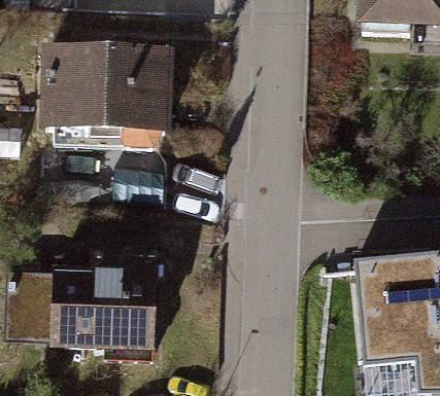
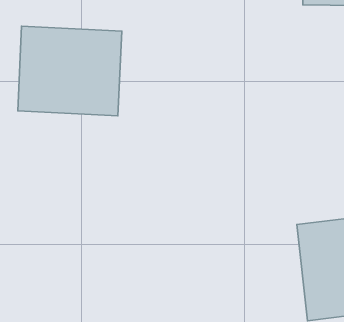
building: [50,257,163,349] -> none

